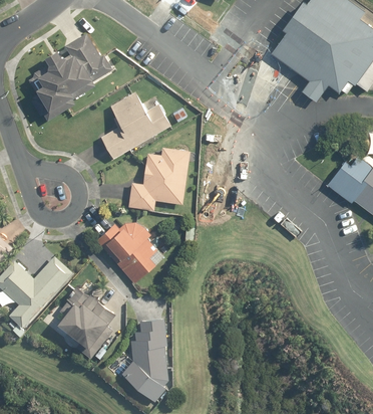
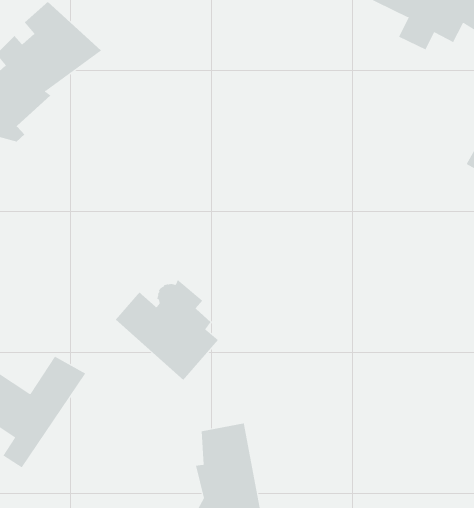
building: [100,91,171,160] -> none
building: [128,150,189,211] -> none
building: [57,298,111,354] -> none

